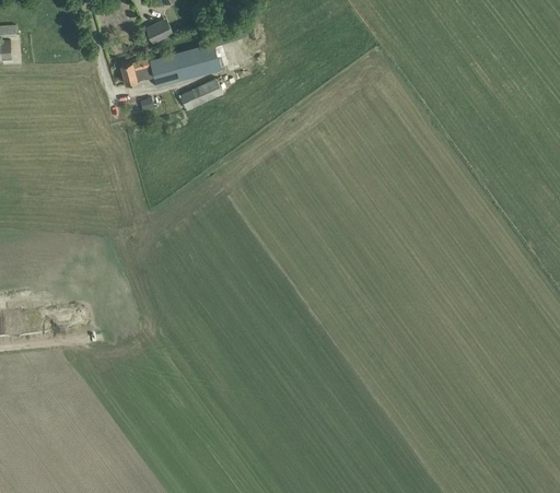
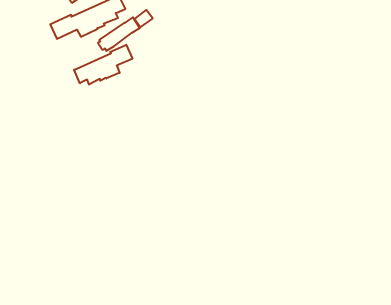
building: none -> [74,45,132,85]

